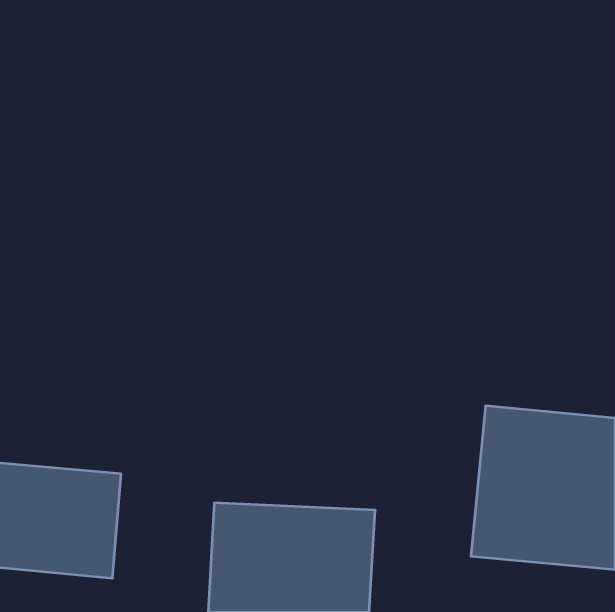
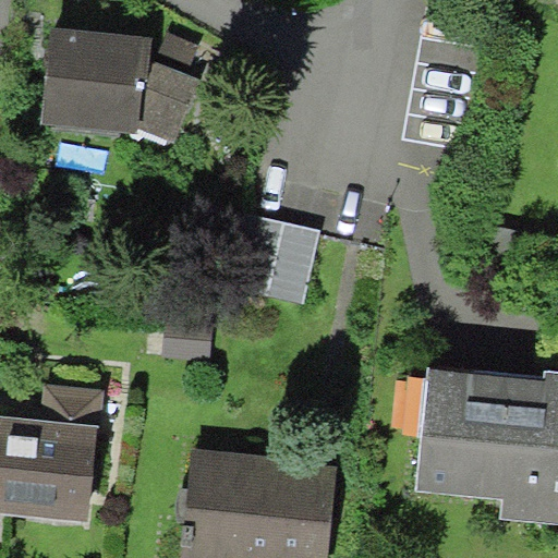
building: none -> [40,39,183,141]
building: none -> [225,213,317,303]

